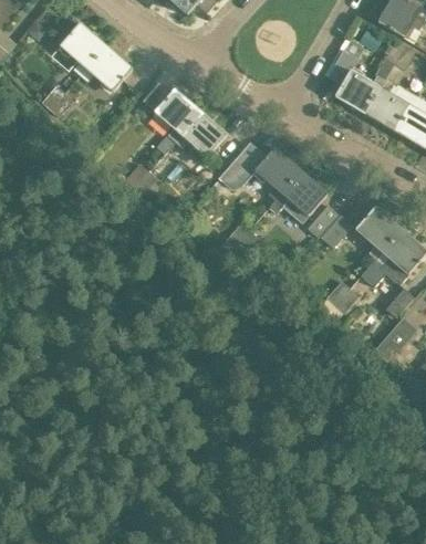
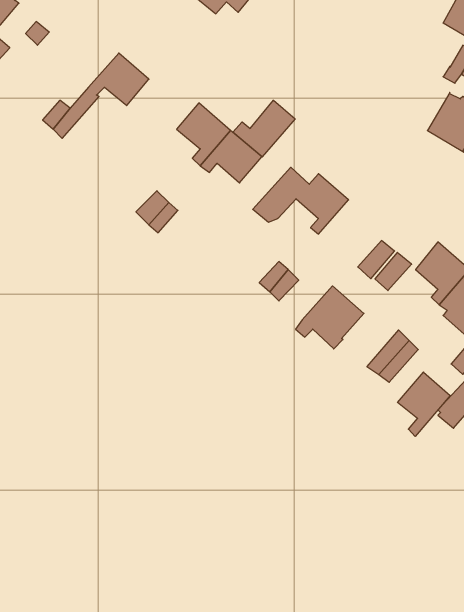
building: [60,23,106,75] -> none
building: [325,36,385,112] -> none
building: none -> [233,100,295,157]
building: [269,170,326,223] -> [296,286,364,349]
building: none -> [398,372,450,436]

